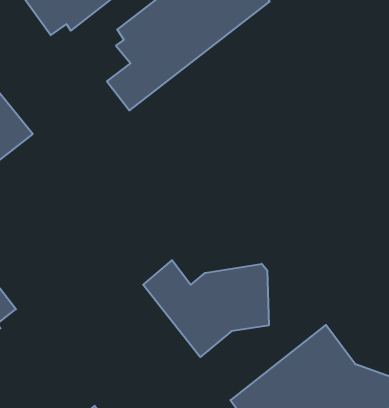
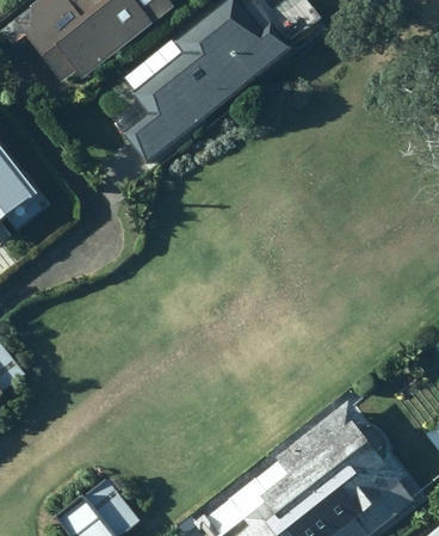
building: [143,260,269,357] -> none

